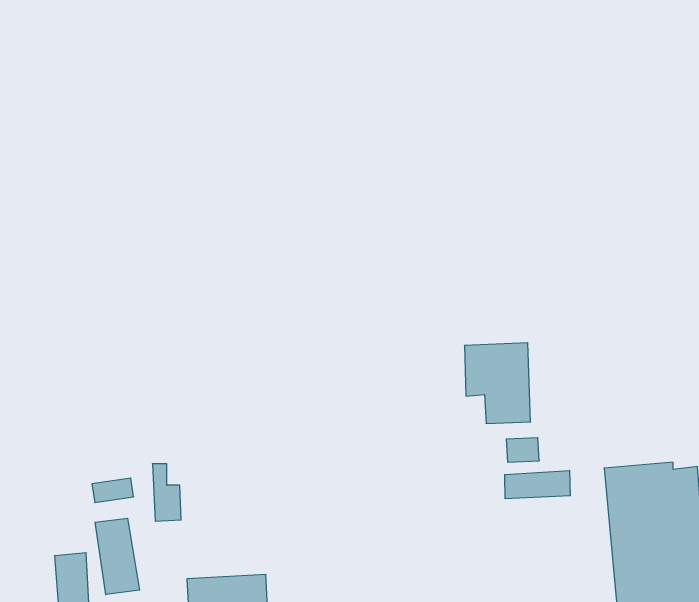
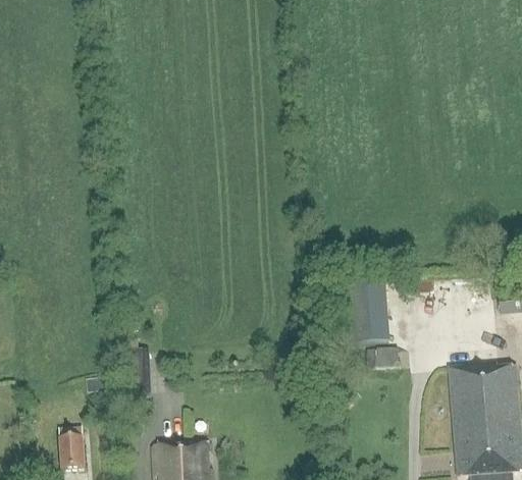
building: [505,470,570,499] -> none
building: [95,518,140,595] -> none

